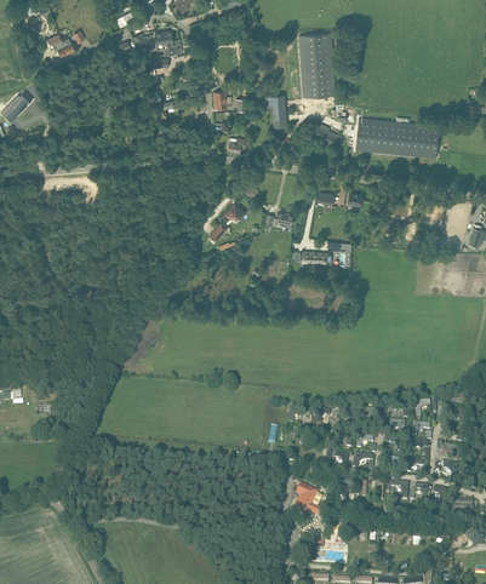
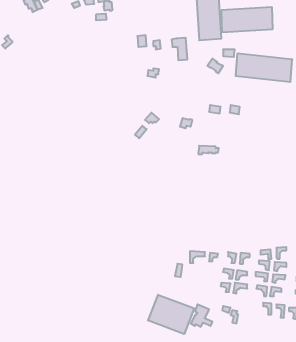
building: none -> [221,7,272,32]
building: none -> [148,295,194,334]

